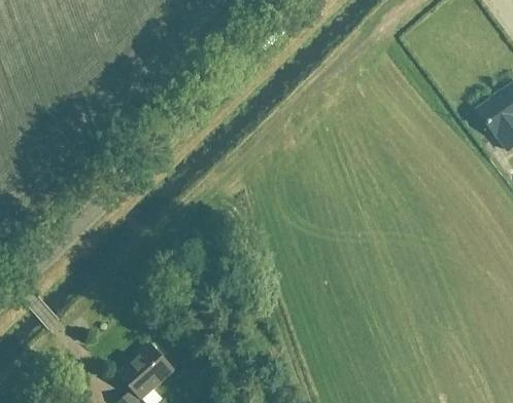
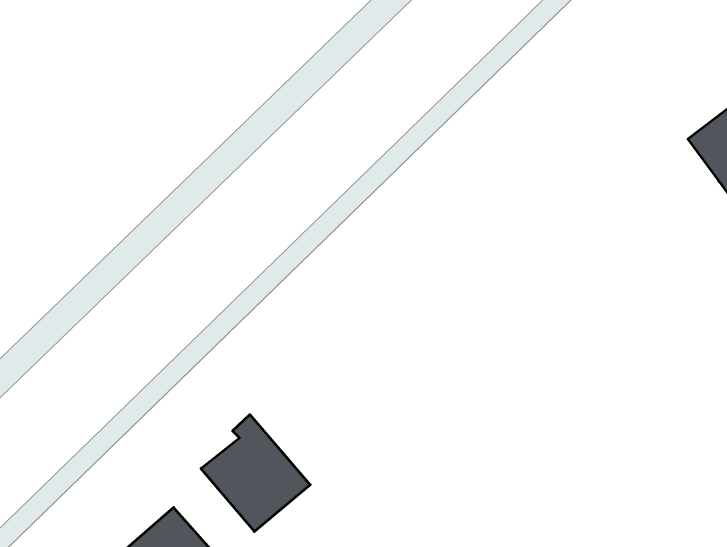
building: none -> [201,415,310,532]

